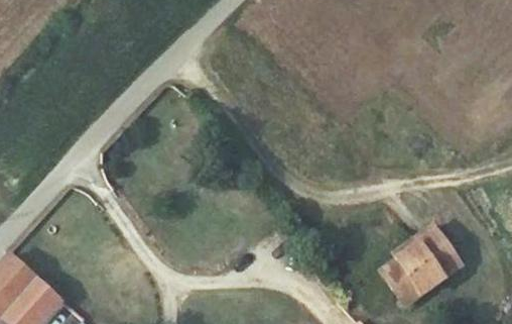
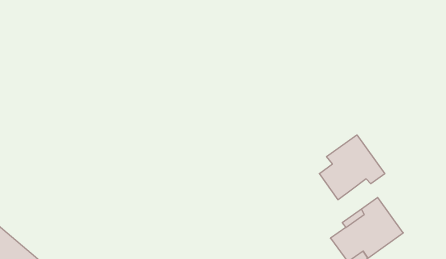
building: none -> [319,135,385,200]

